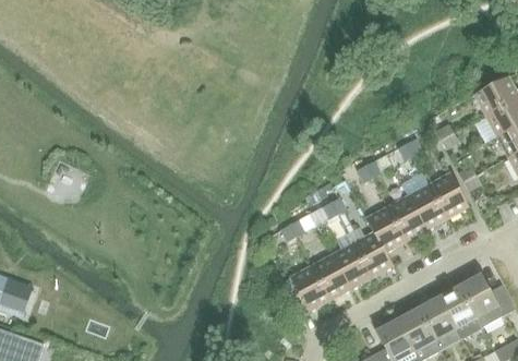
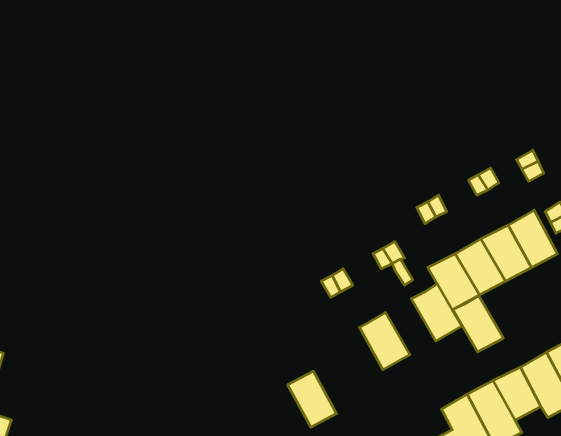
building: [332,243,372,288] -> [453,296,503,352]
building: [290,266,329,311] -> [288,371,337,427]

